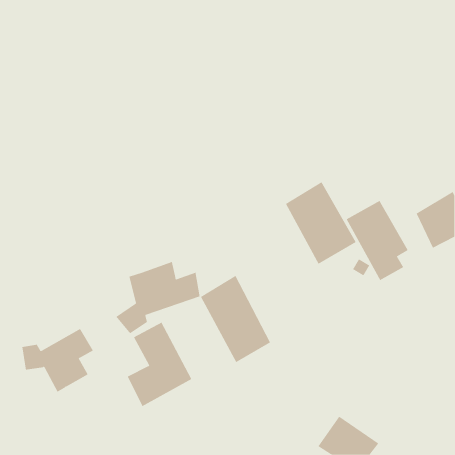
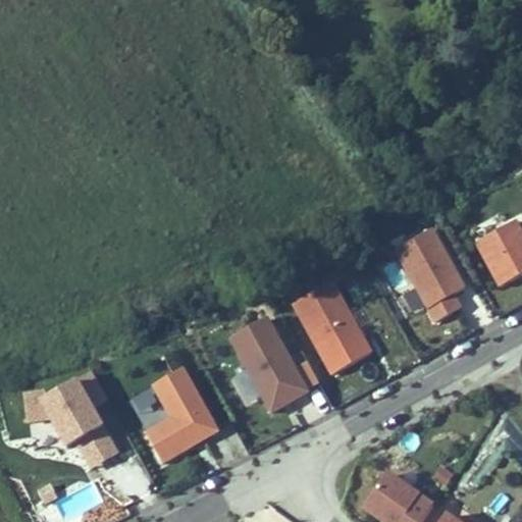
building: [285,181,357,265] -> [293,279,374,374]
building: [116,261,200,334] -> none
building: none -> [75,427,116,468]

